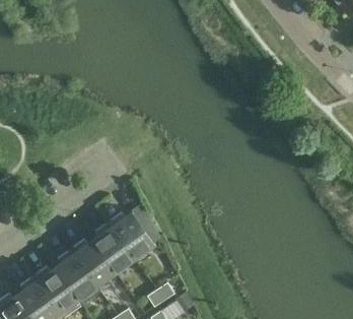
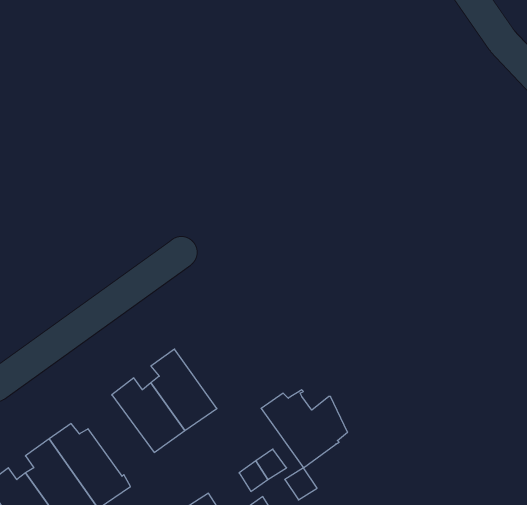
building: [108,211,159,258] -> [261,390,348,468]
building: [56,250,95,299] -> none

